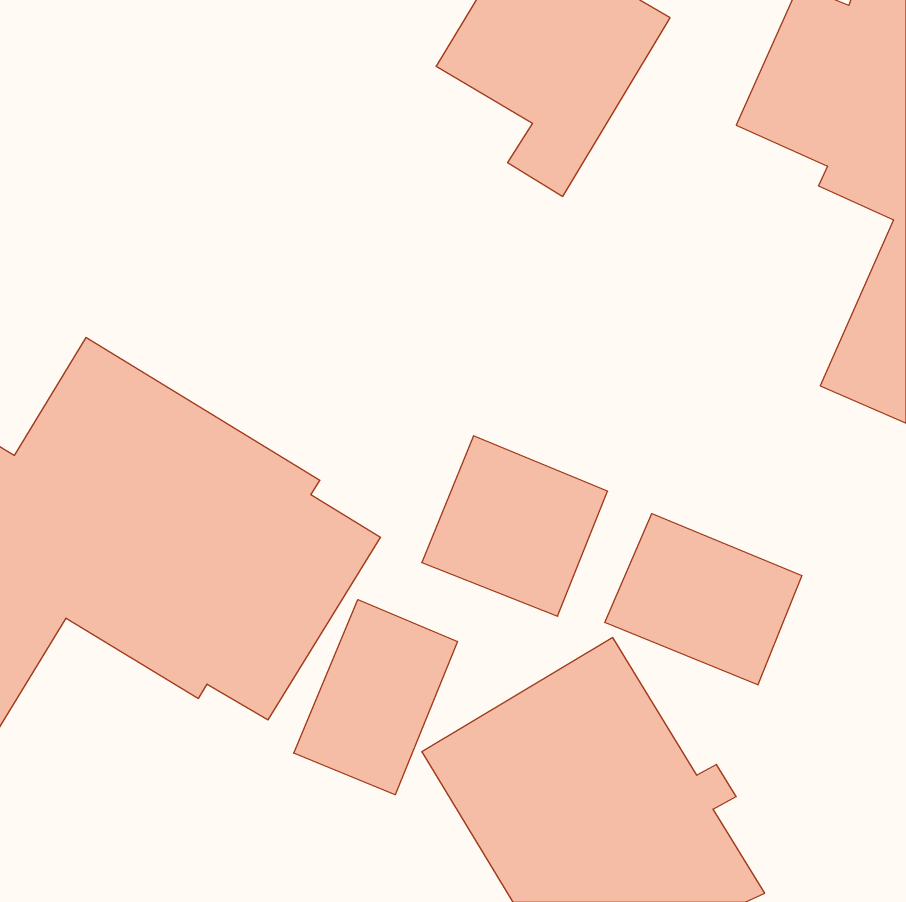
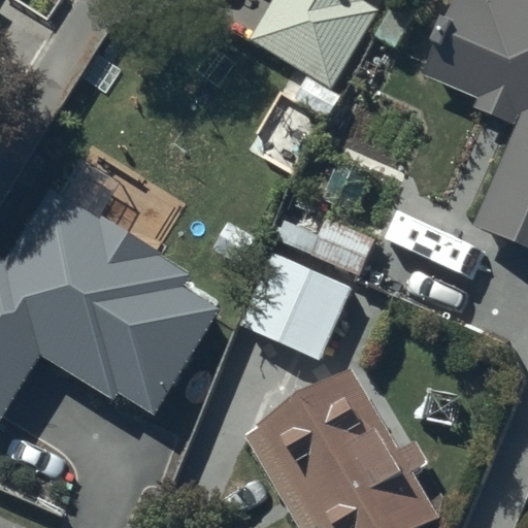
building: [605,514,802,685] -> none
building: [294,600,457,795] -> none

